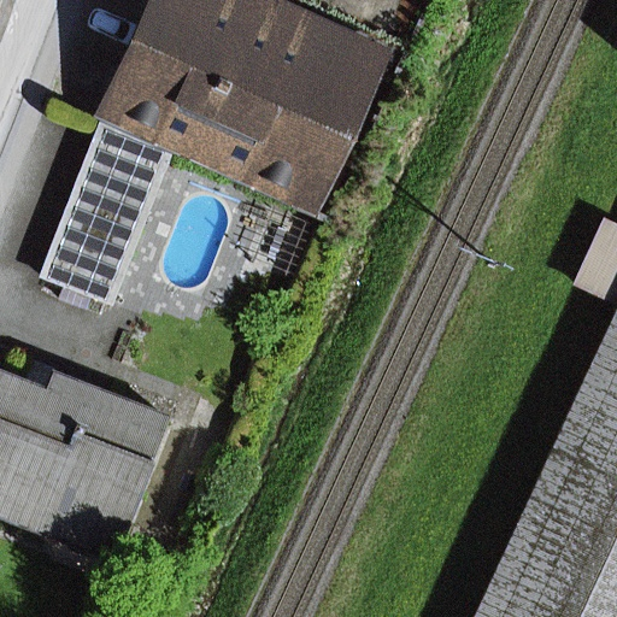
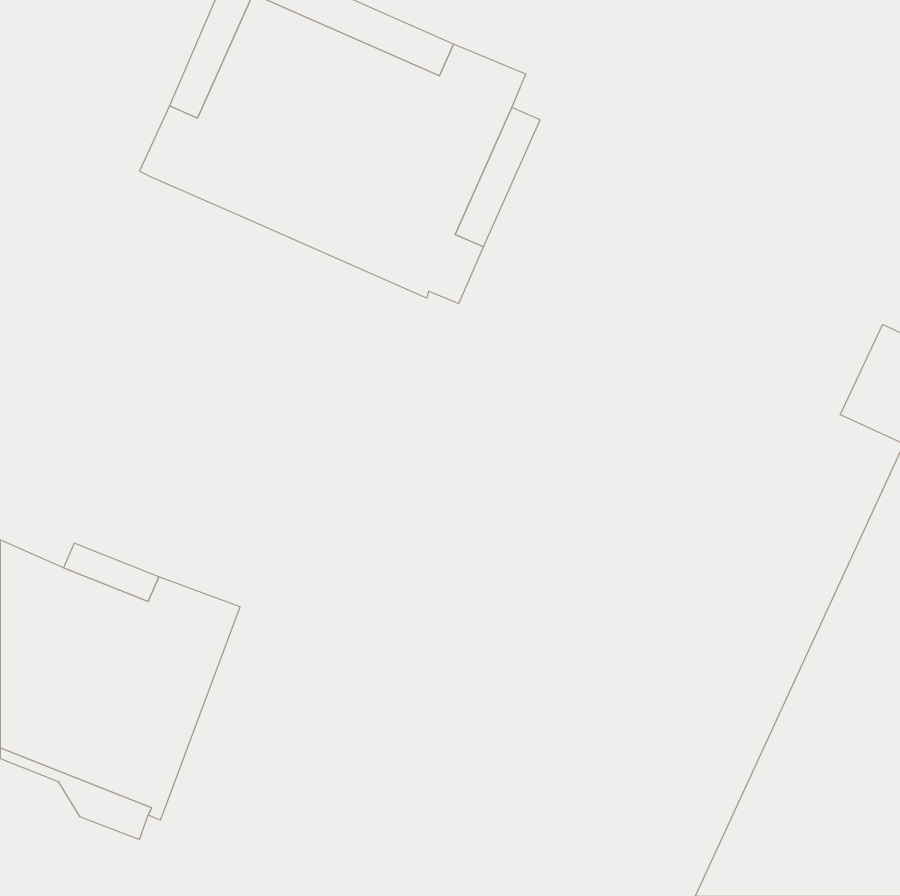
building: [43,121,170,301] -> none

